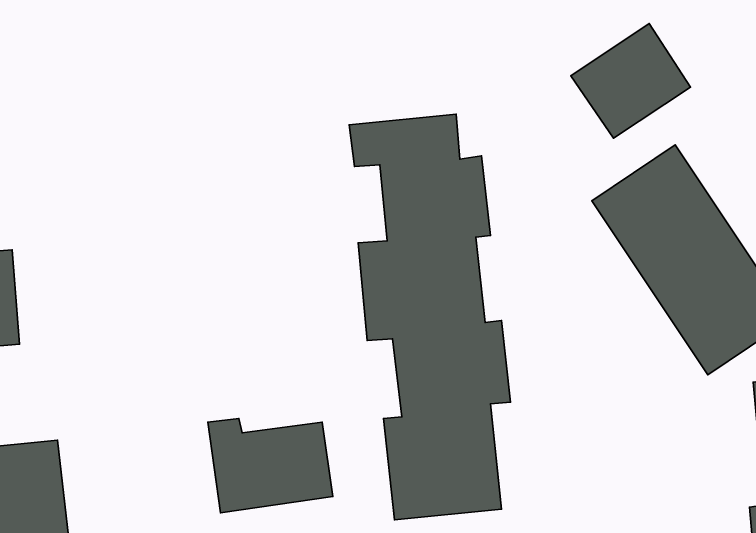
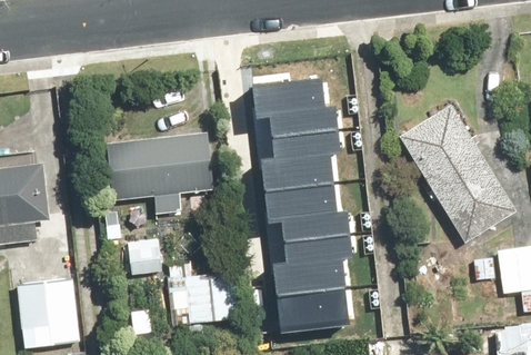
building: [571,24,690,138] -> none
building: none -> [104,132,214,214]

